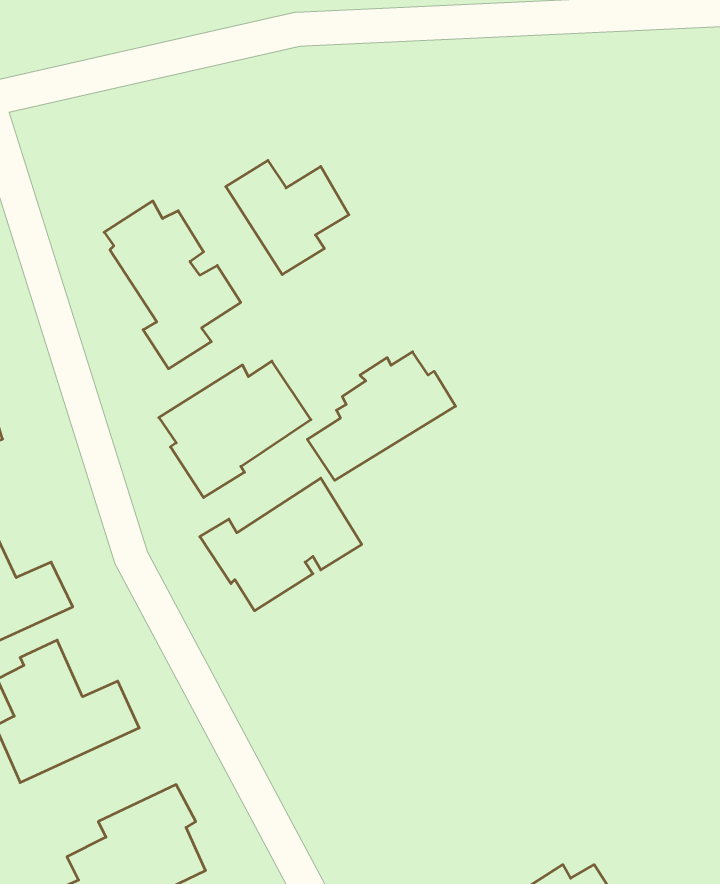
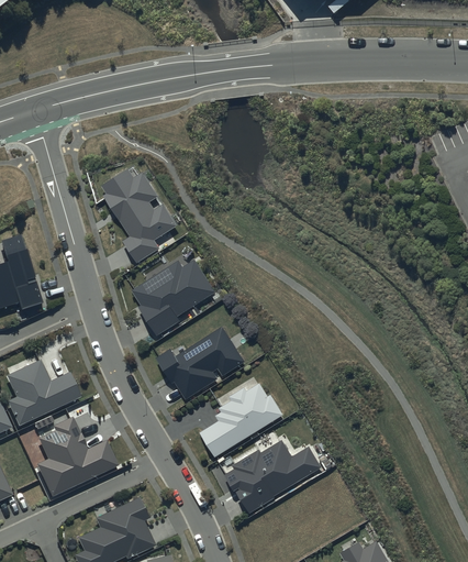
building: [226,160,349,275] -> none
building: [307,352,456,480] -> [199,384,282,456]
building: none -> [224,438,322,514]

